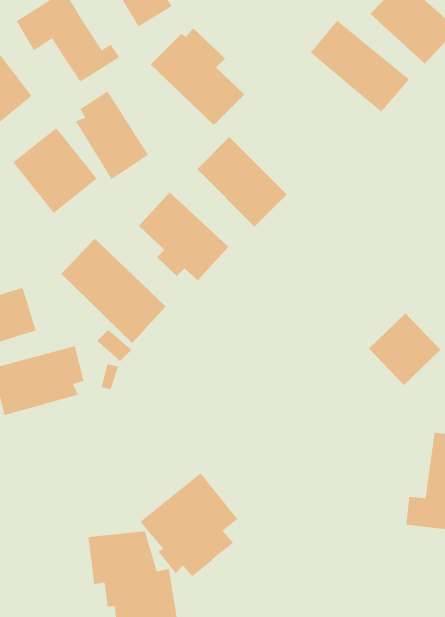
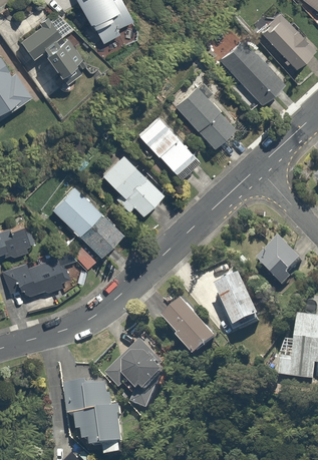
building: [150,27,245,126] -> [172,82,236,148]
building: [75,90,149,180] -> none
building: [12,127,97,214] -> none
building: none -> [219,277,263,329]
building: none -> [164,300,222,363]

